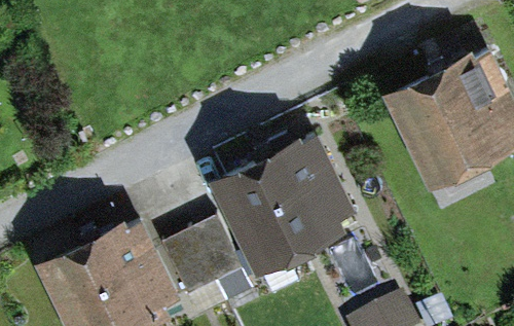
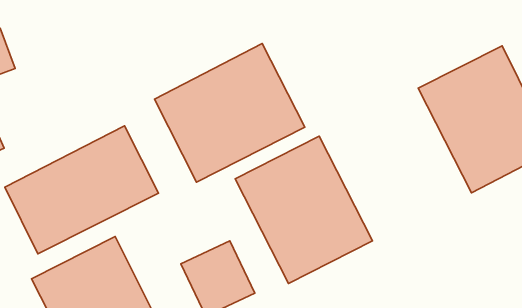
building: none -> [155,43,305,182]
building: none -> [5,126,159,254]

